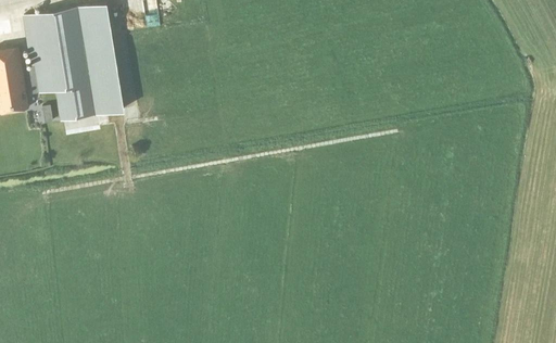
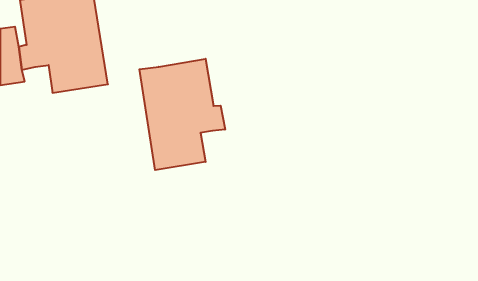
building: none -> [139,59,225,170]

